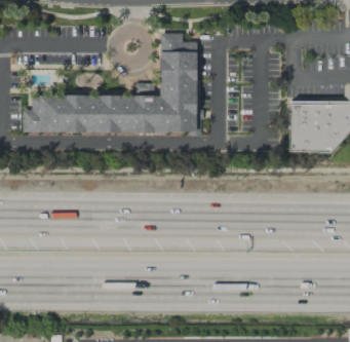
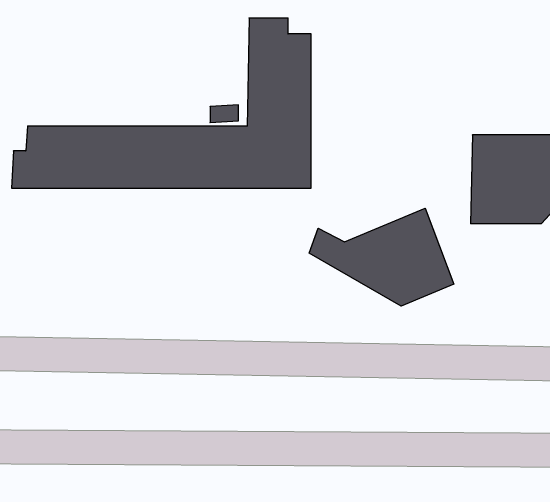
building: none -> [309,208,454,306]

